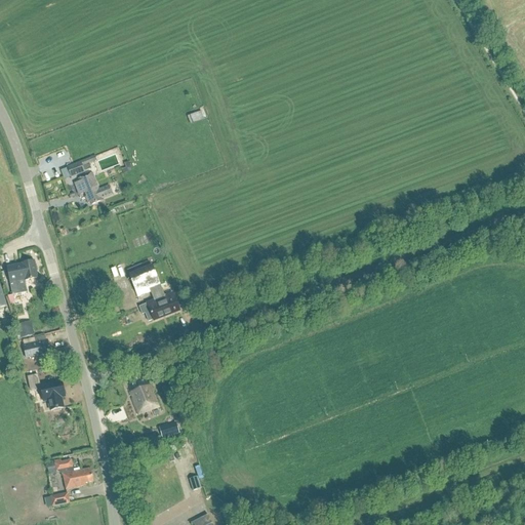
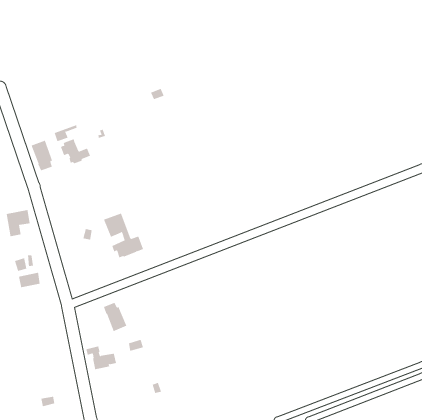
building: none -> [31,140,53,171]
building: [28,374,65,410] -> none
building: [54,458,93,488] -> [86,346,117,370]

